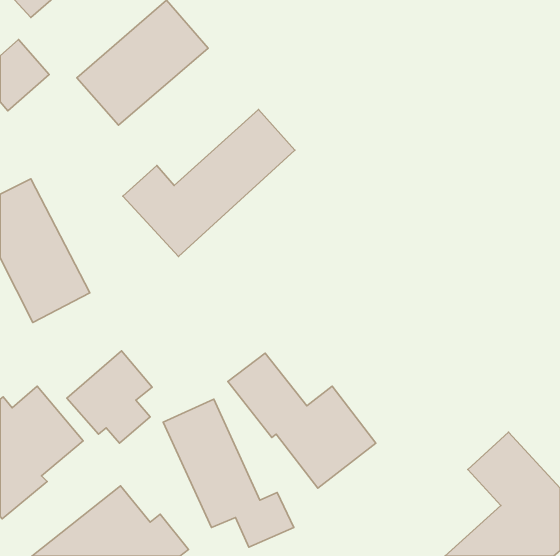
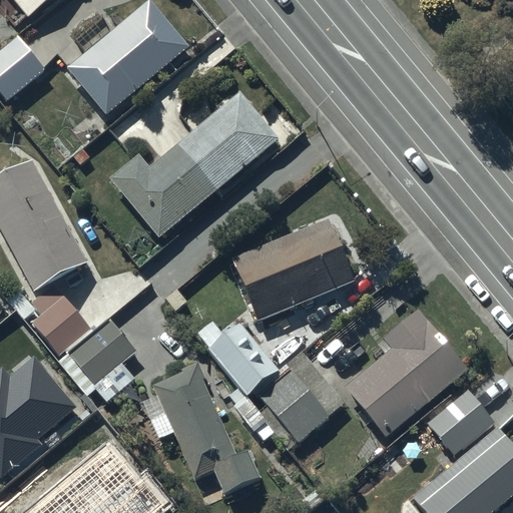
building: none -> [229,215,355,322]
building: none -> [33,285,93,359]
building: none -> [347,314,472,438]

